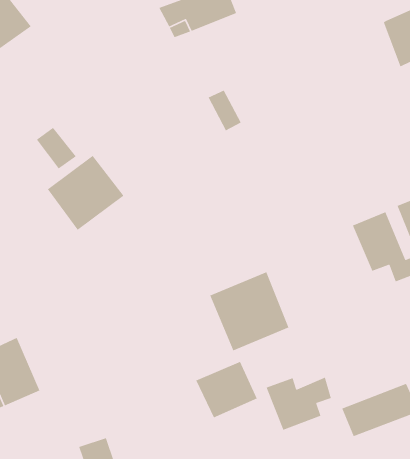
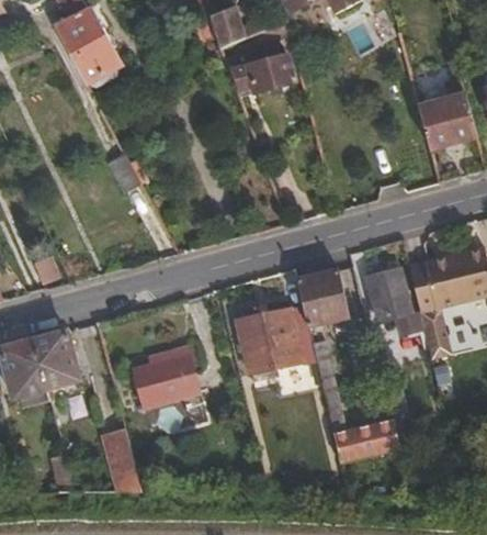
building: [47,155,125,231] -> none
building: none -> [296,271,348,327]
building: [195,361,258,418] -> [150,353,202,399]
building: [265,377,332,431] -> none

